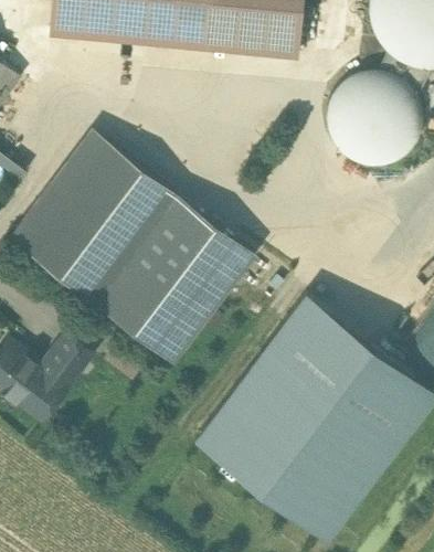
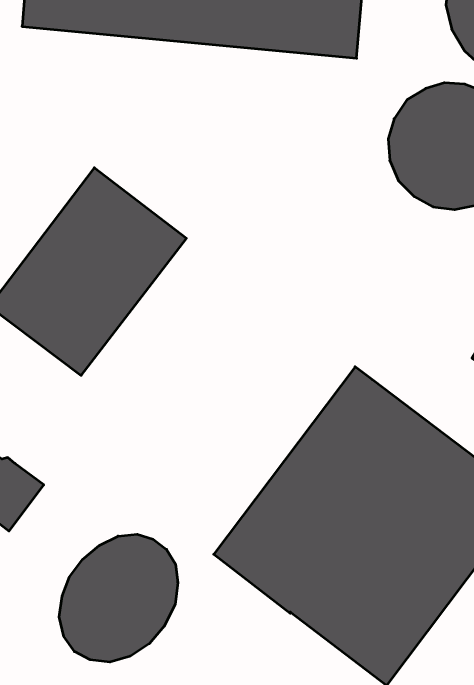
building: [97,199,255,359] -> none
building: [40,332,86,382] -> none
building: none -> [59,534,178,662]

